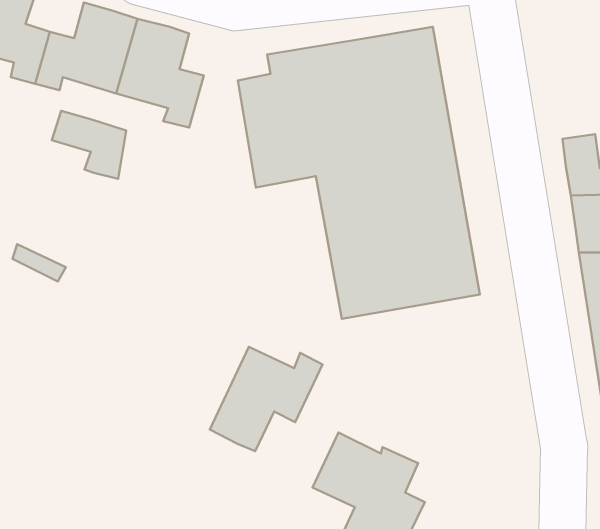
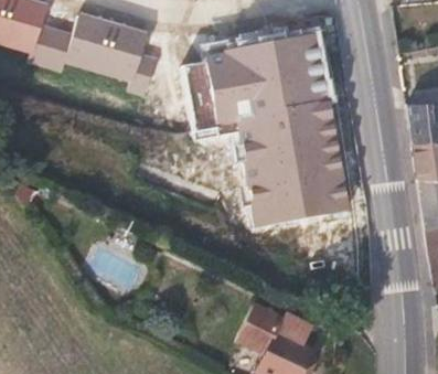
building: [52,111,126,179] -> none
building: [210,347,322,451] -> none

